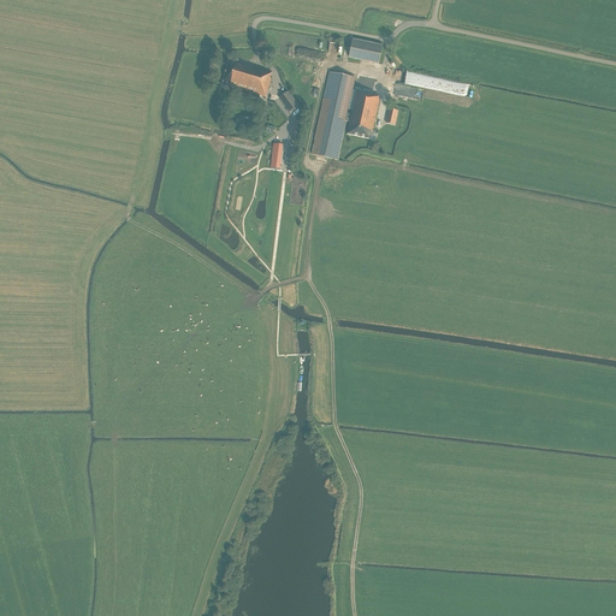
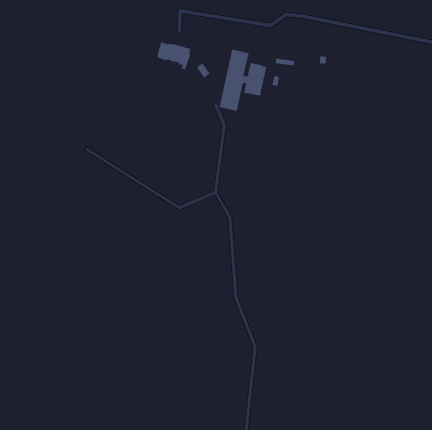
building: [349,37,383,63] -> none

